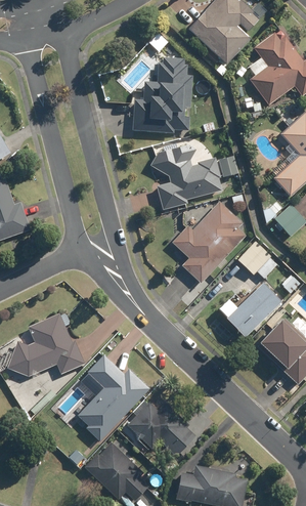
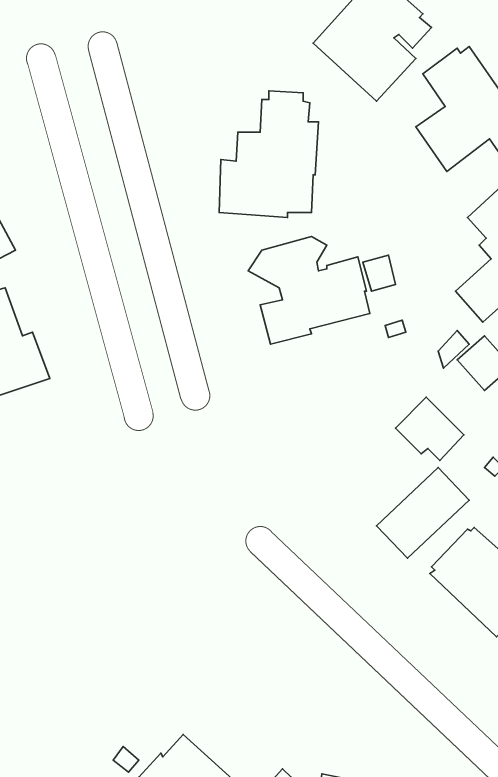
building: [172,202,245,284] -> none
building: [5,312,82,378] -> none
building: [76,354,148,441] -> none
building: [127,403,194,456] -> none

